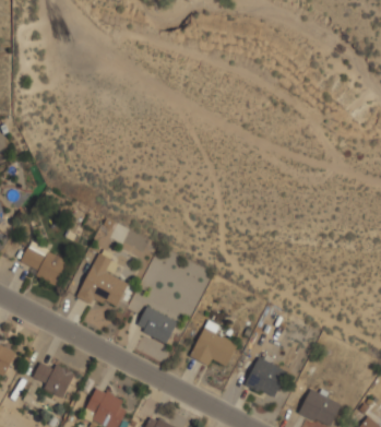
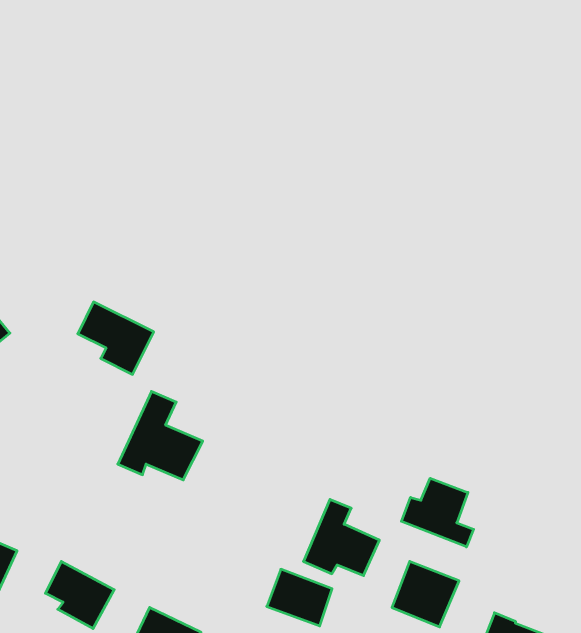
building: [21,242,68,287] -> [78,302,154,374]
building: none -> [401,478,474,547]
building: [136,308,177,343] -> [267,569,332,626]

